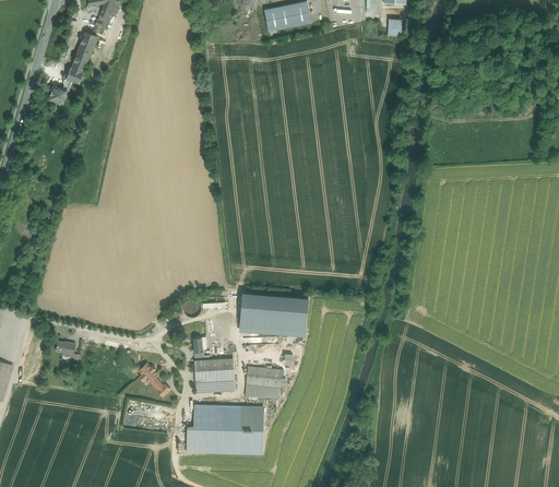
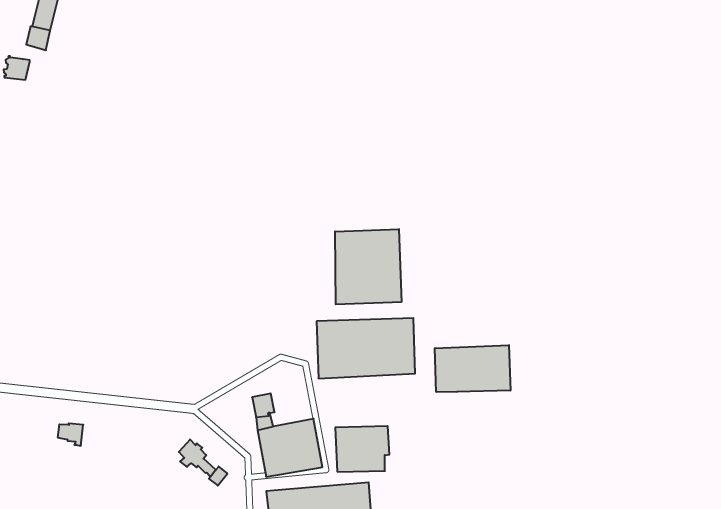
building: none -> [335,229,401,304]
building: none -> [435,345,510,392]

